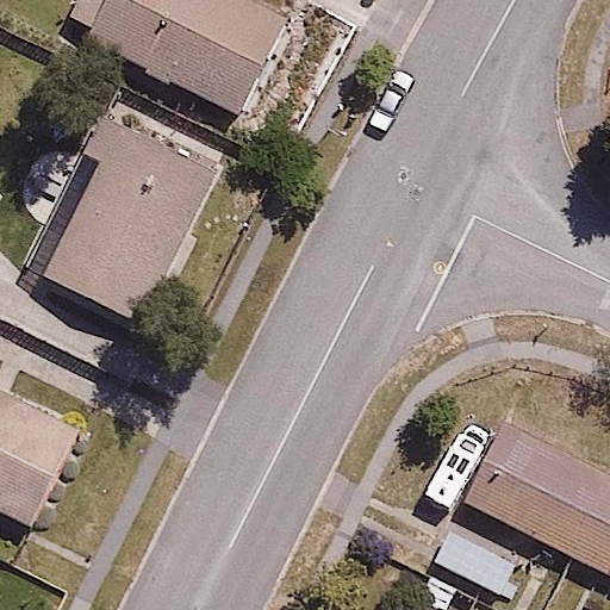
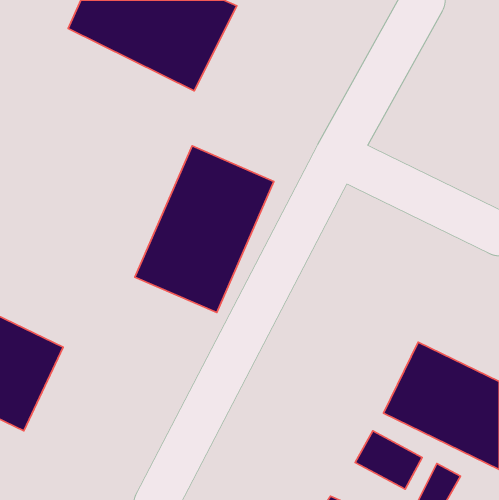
building: [44,117,212,318] -> [135,146,274,313]

